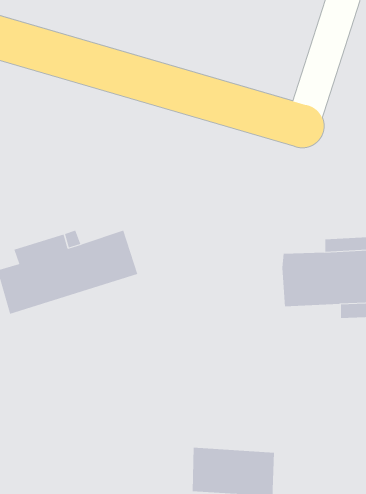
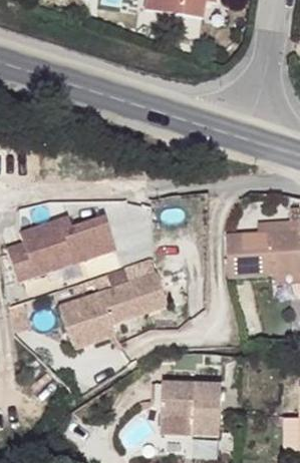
building: none -> [61,272,169,345]

